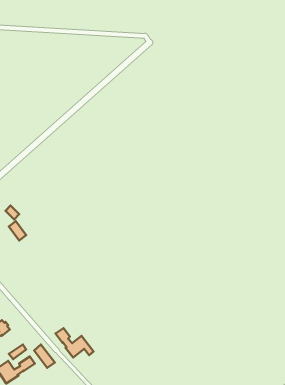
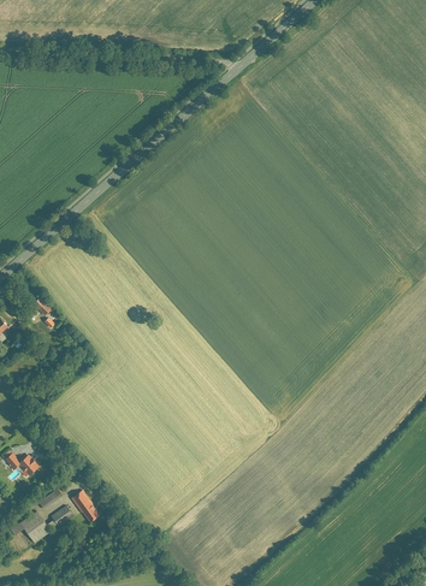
building: [56,328,93,357] -> none

